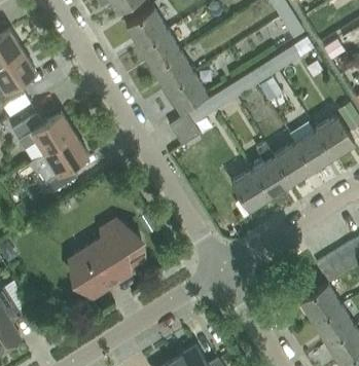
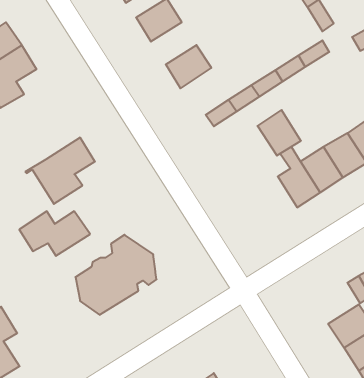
building: [139,31,180,69] -> none
building: [166,72,207,111] -> none
building: [11,114,75,154] -> [19,211,90,256]
building: [169,114,200,146] -> none
building: [231,170,271,211] -> [257,110,301,156]

